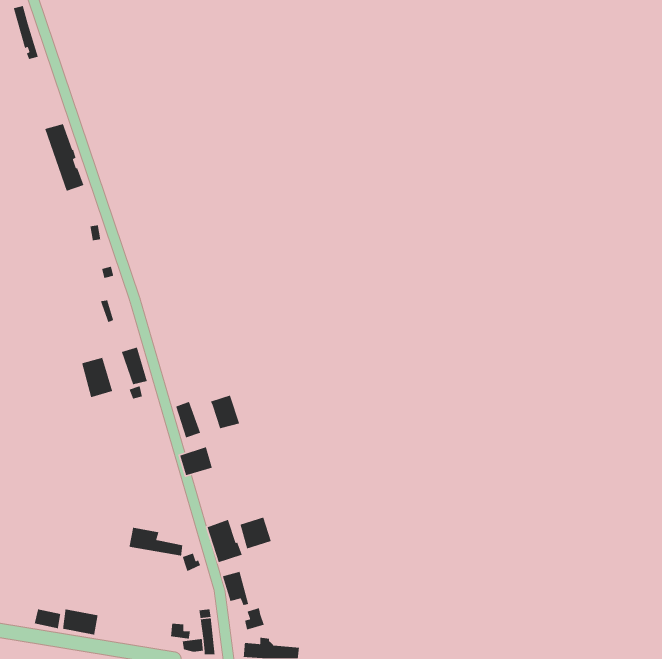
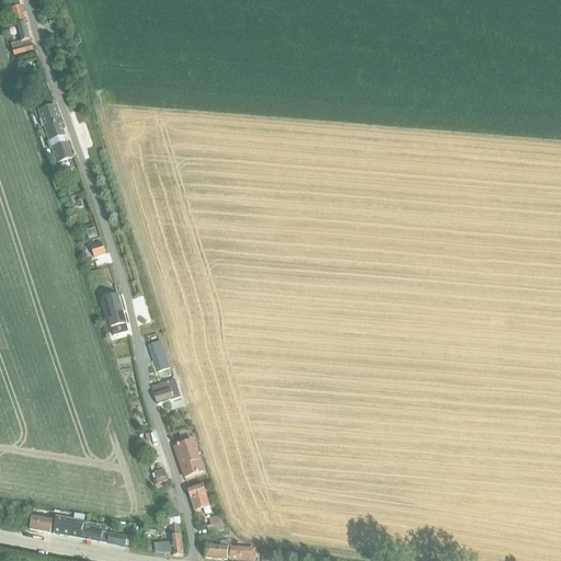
building: [81,357,113,398] -> none
building: [210,394,240,429] -> none
building: [239,517,272,550] -> none
building: [129,527,183,557] -> [80,519,126,545]

